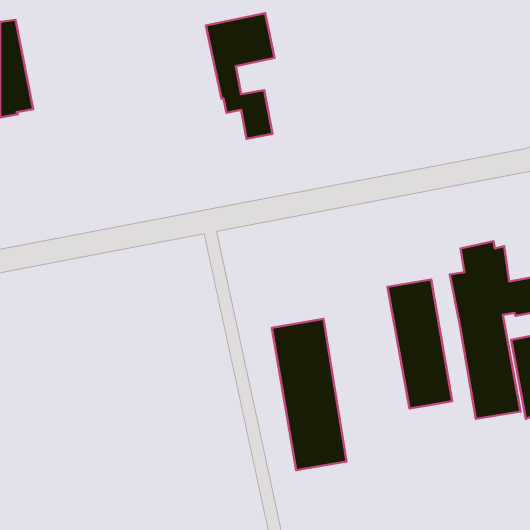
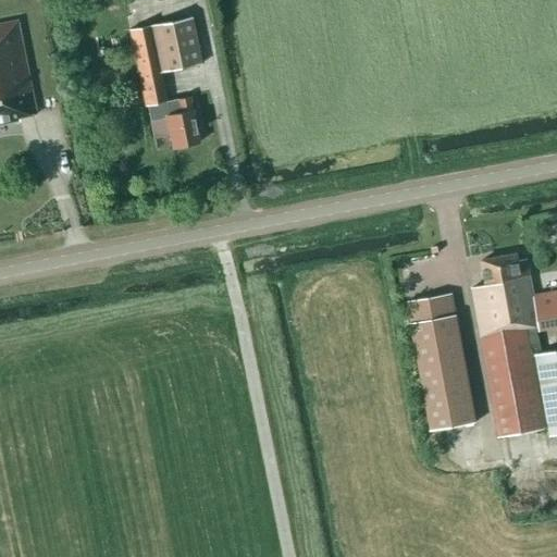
building: [206,13,274,139] -> [129,16,201,148]
building: [272,319,347,470] -> none

